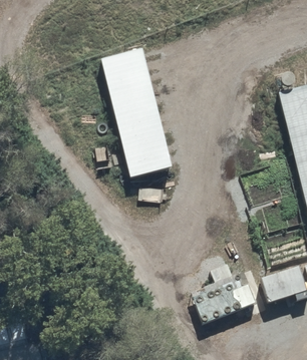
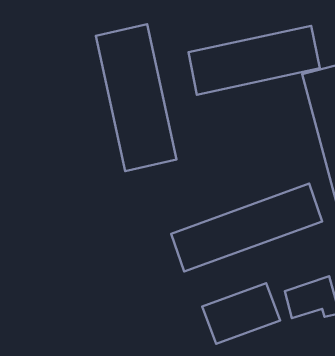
building: none -> [188,26,320,95]
building: none -> [171,184,322,272]

